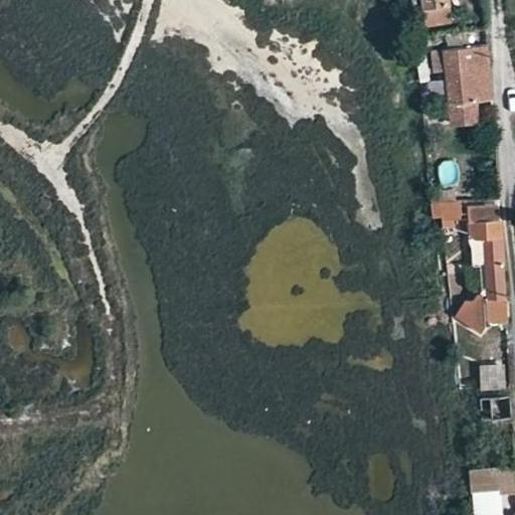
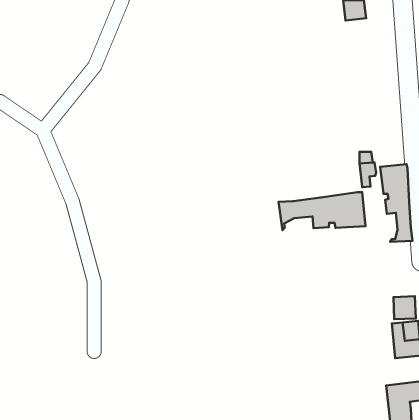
building: [445,48,492,123] -> none
building: none -> [279,192,365,230]
building: [465,296,507,332] -> none

